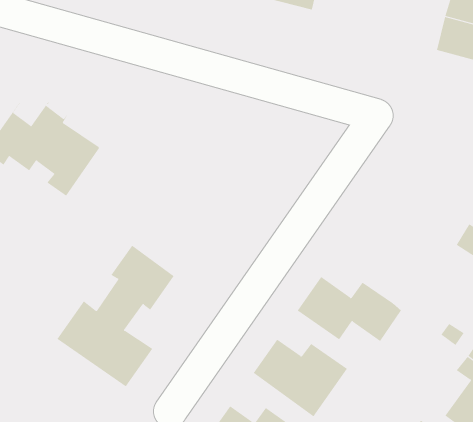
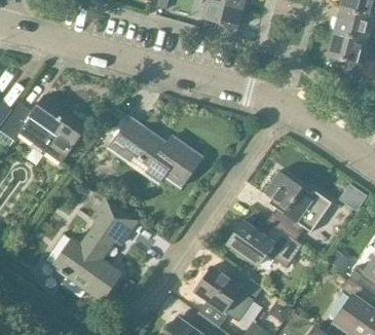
building: none -> [109,118,202,187]
building: none -> [263,170,332,239]

